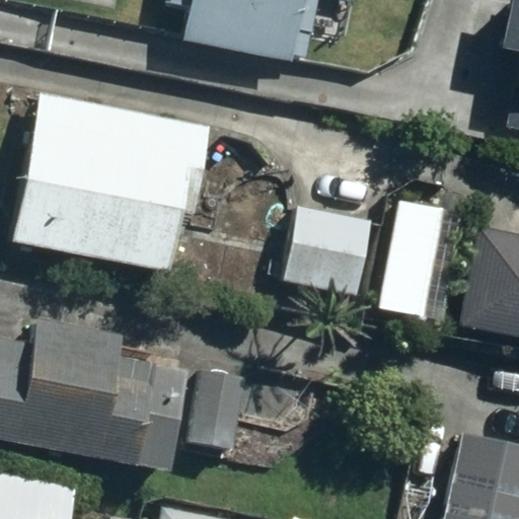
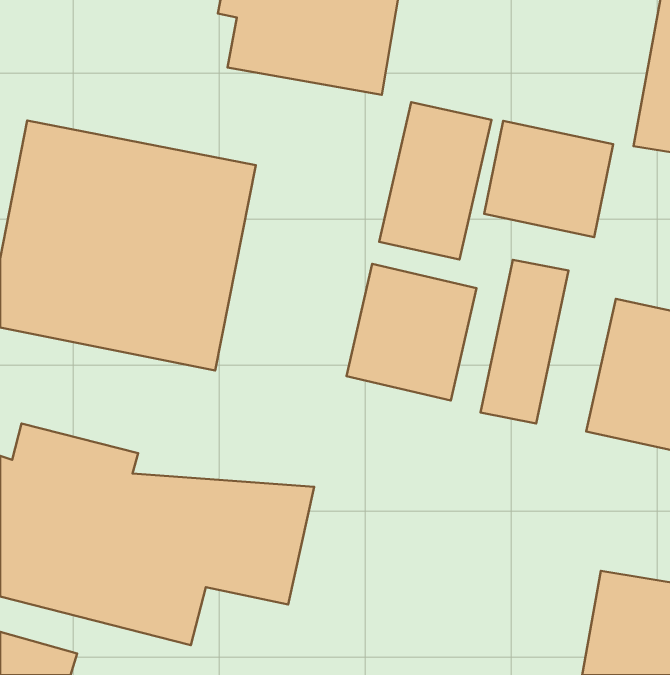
building: none -> [379,102,492,260]
building: none -> [484,121,613,237]

